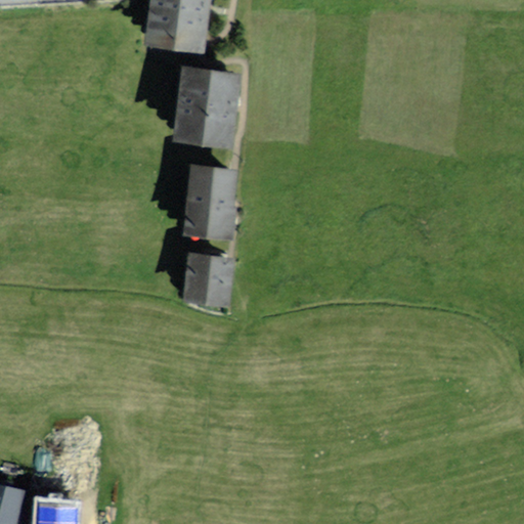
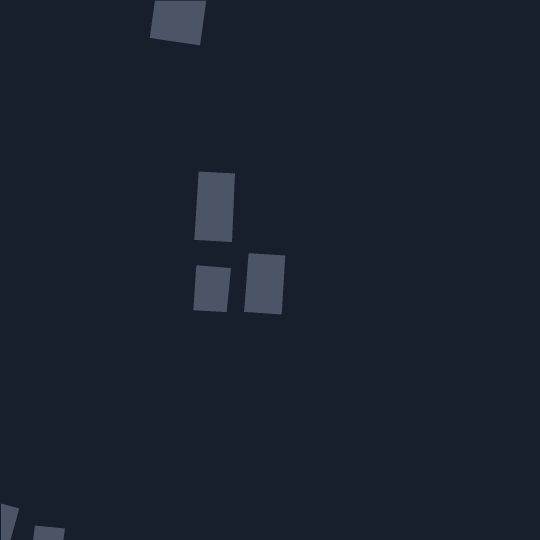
building: [178,72,235,142] -> none
building: none -> [244,252,286,315]

